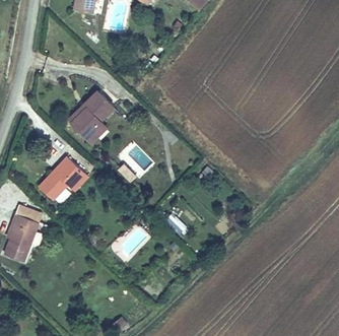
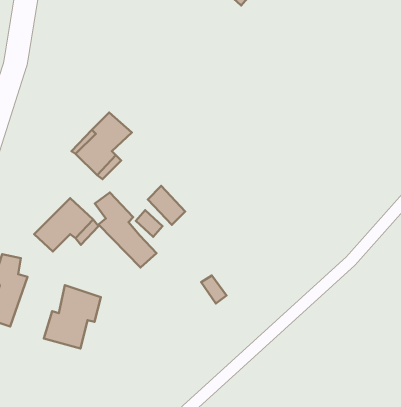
building: none -> [95,193,156,268]
building: none -> [44,285,101,349]

